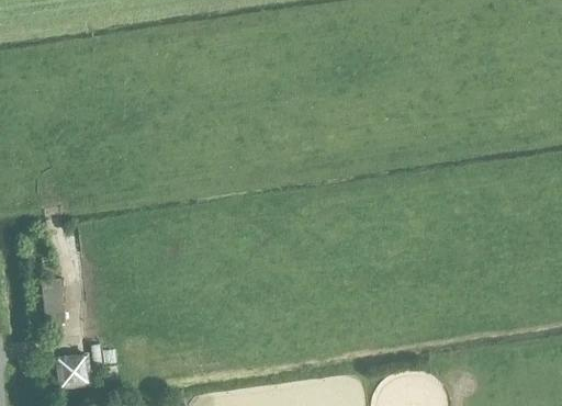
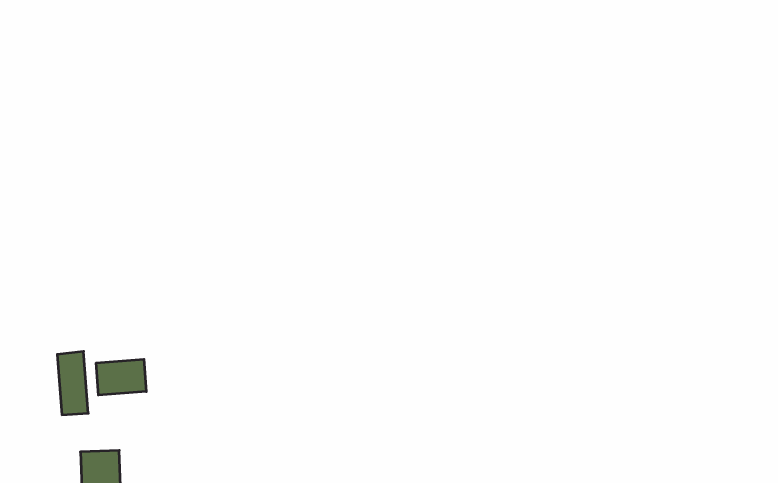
building: none -> [96,359,146,395]

